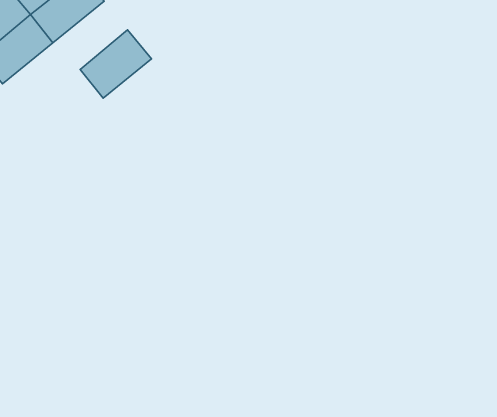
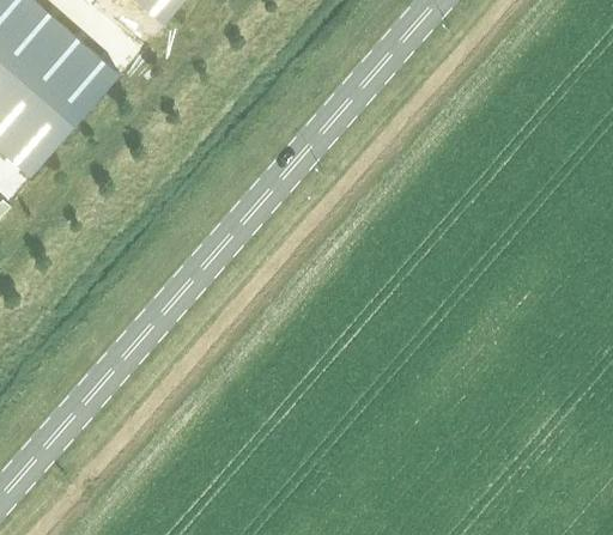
building: [80,30,152,98] -> none

